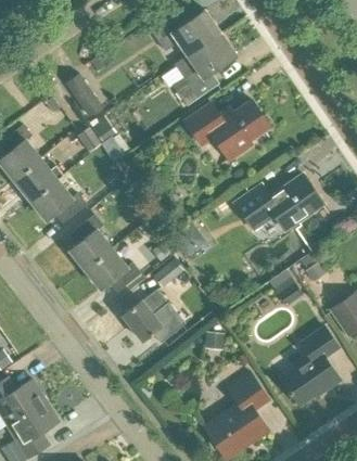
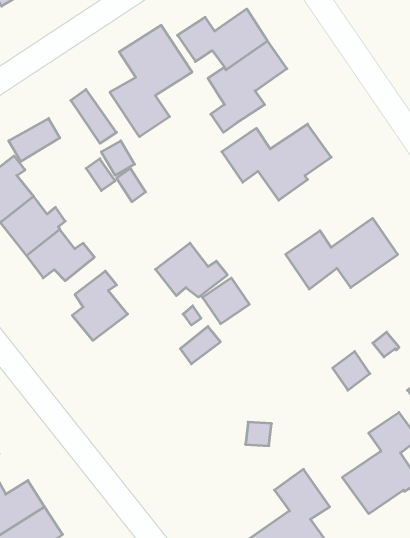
building: none -> [110,25,192,137]
building: [84,249,140,292] -> [155,243,227,297]
building: [122,290,184,344] -> none

